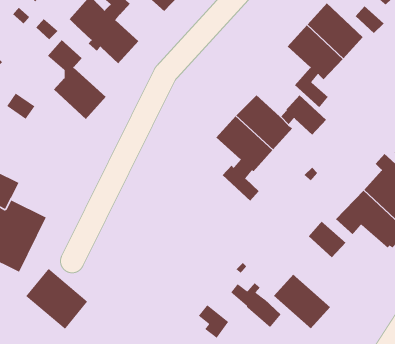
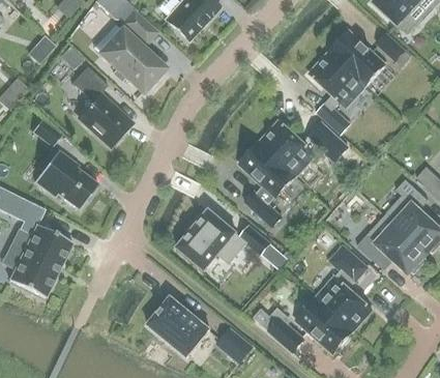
building: none -> [33,150,97,209]
building: none -> [176,209,270,270]
building: none -> [315,277,371,331]
building: [25,268,88,330] -> [147,296,209,357]

